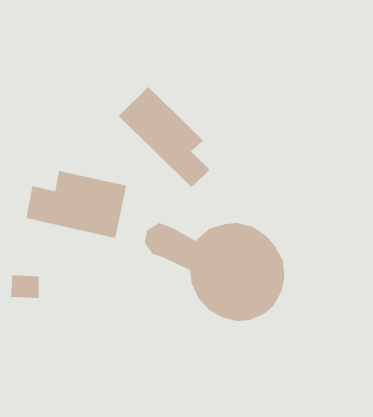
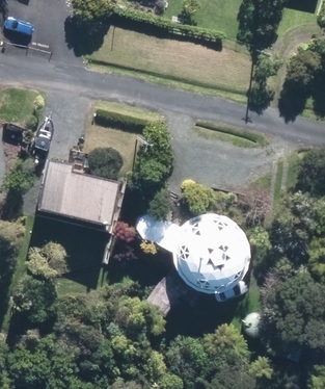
building: [118,86,210,188] -> none

